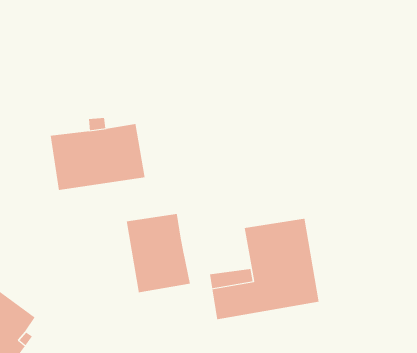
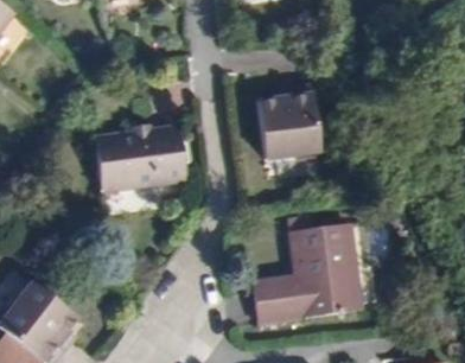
building: none -> [256,84,321,158]
building: [126,213,190,293] -> none

